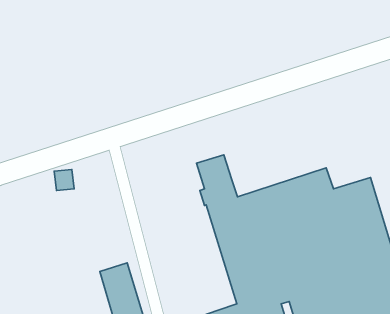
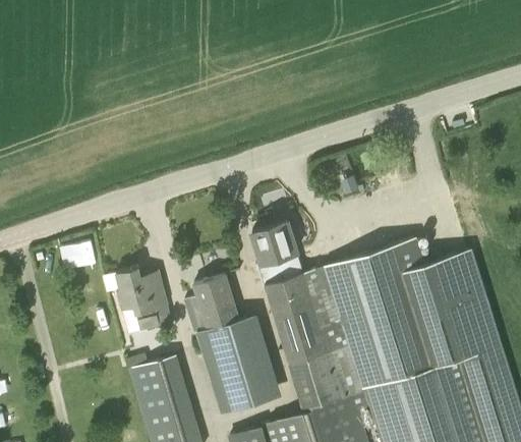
building: none -> [116,268,172,334]
building: none -> [193,275,271,415]

